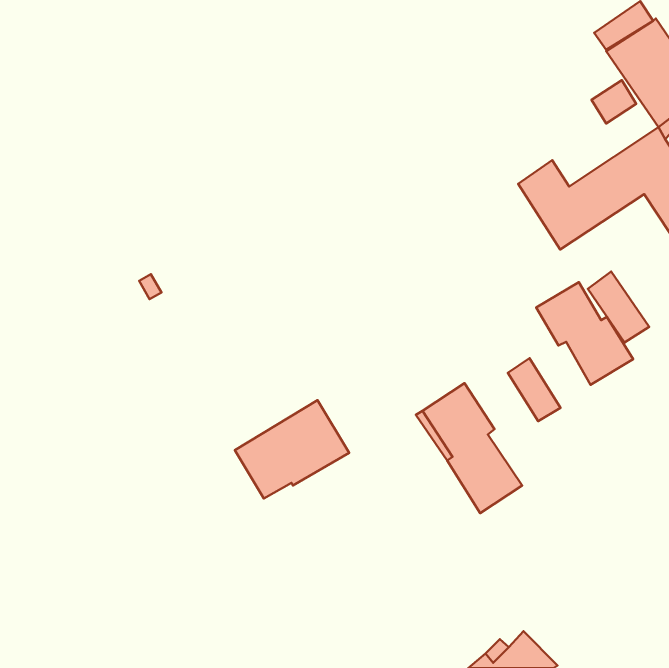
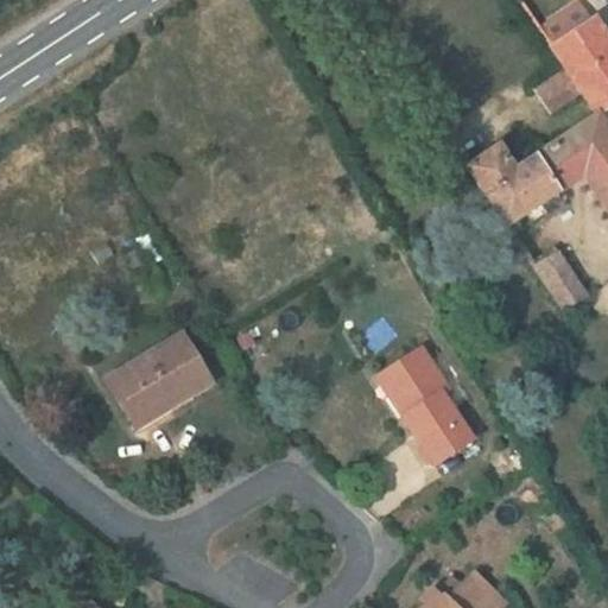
building: [536,282,633,385] -> none
building: [508,358,561,421] -> none
building: [235,400,349,499] -> [108,335,211,424]

